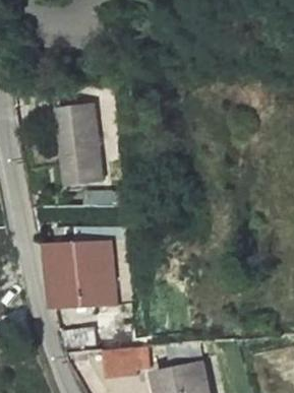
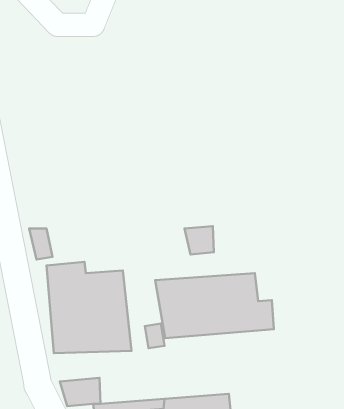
building: [55,105,99,183] -> none
building: none -> [155,273,274,338]

